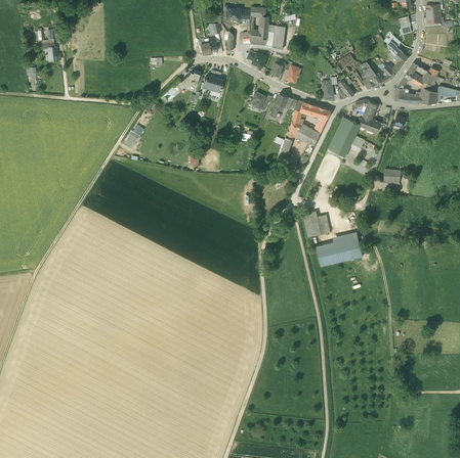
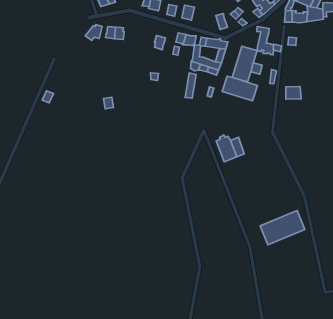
building: none -> [222,76,258,101]
building: [315,236,362,268] -> [260,211,305,245]

